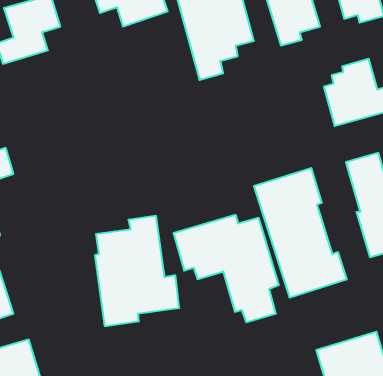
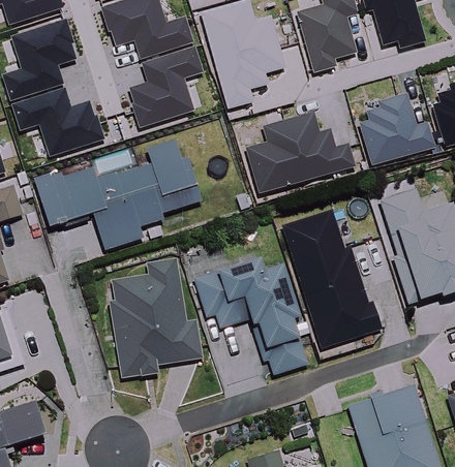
building: none -> [131,46,200,121]
building: none -> [12,88,99,151]
building: none -> [244,108,355,192]
building: none -> [35,137,204,250]

